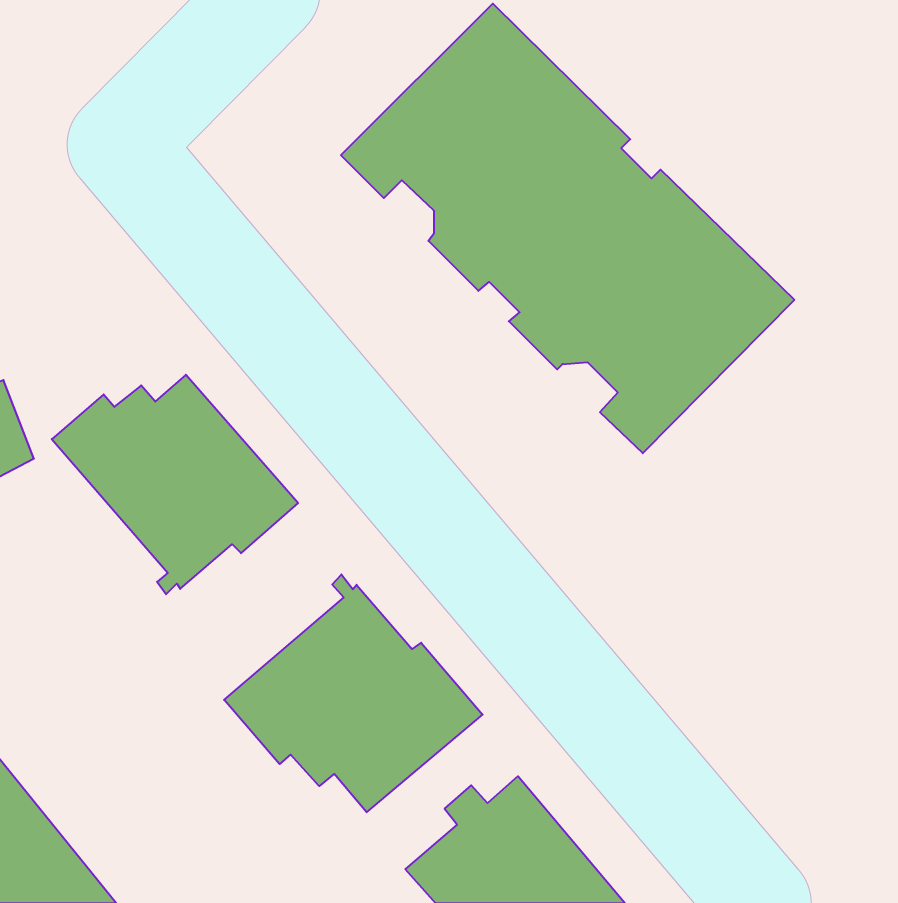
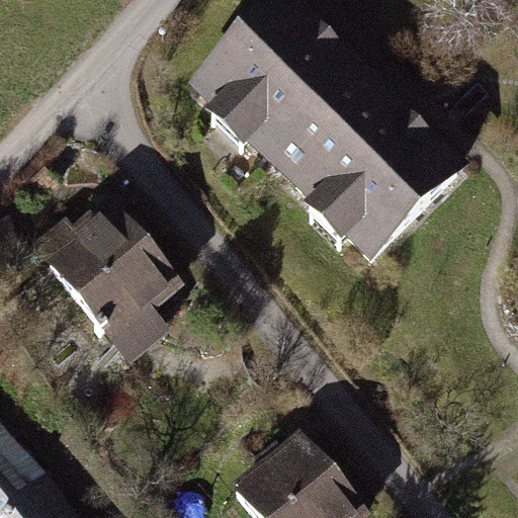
building: [224,574,483,812] -> none

